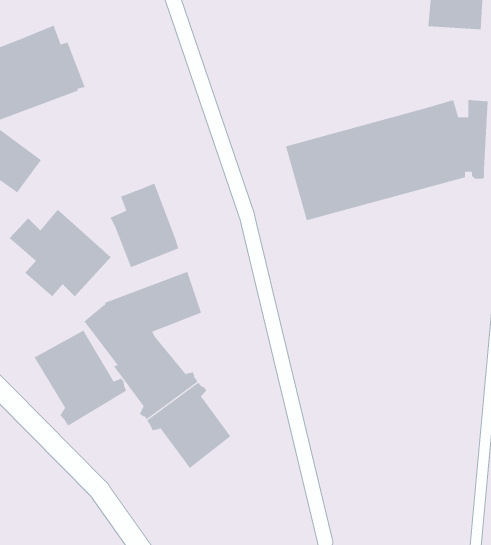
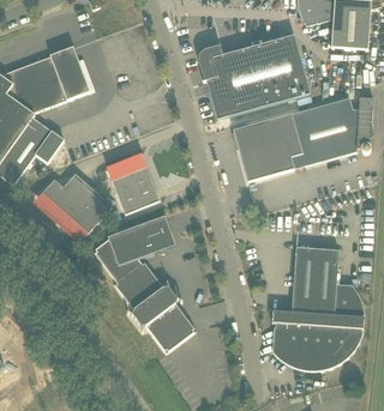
building: none -> [197,35,310,119]
building: none -> [271,247,364,370]
building: [34,330,127,427] -> none

